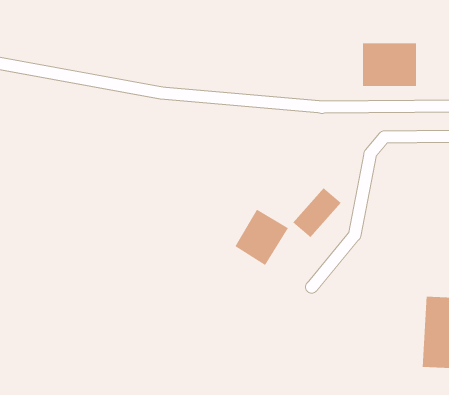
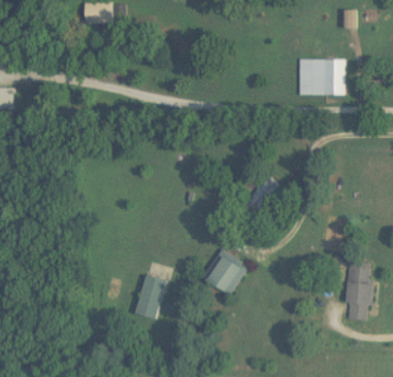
building: [234,209,289,266] -> [205,249,249,295]
building: none -> [134,274,167,319]

